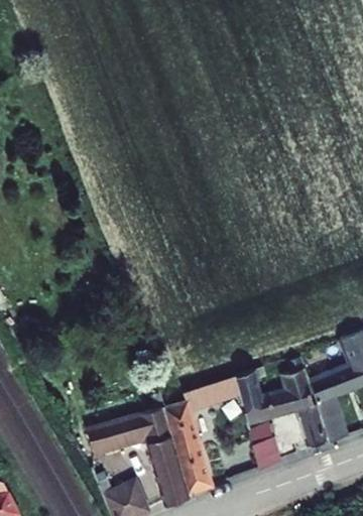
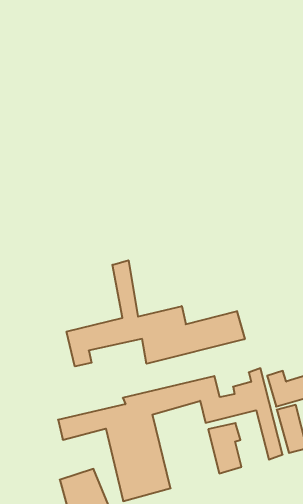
building: none -> [67,260,245,366]

